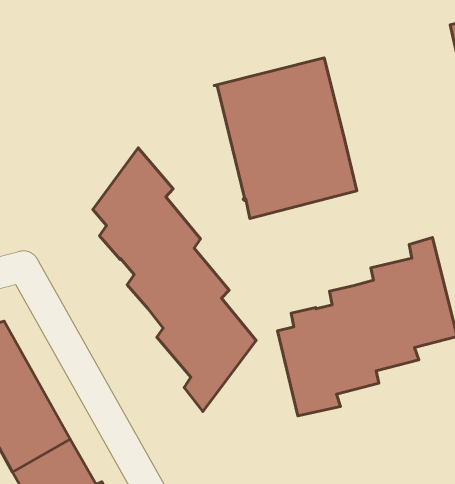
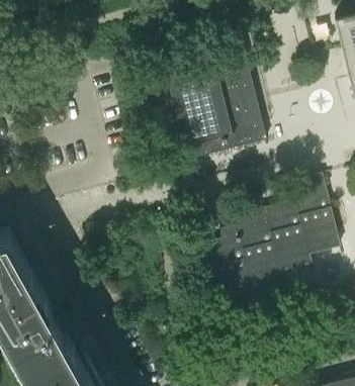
building: [93,148,256,411] -> none

